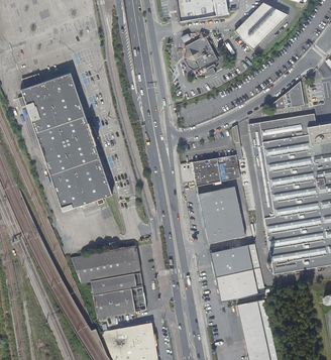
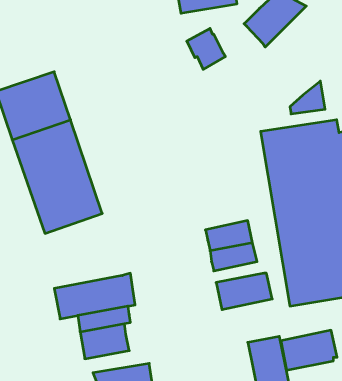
building: [194,154,240,186] -> none
building: [199,186,238,208] -> none
building: [216,267,264,302] -> [281,330,337,370]

